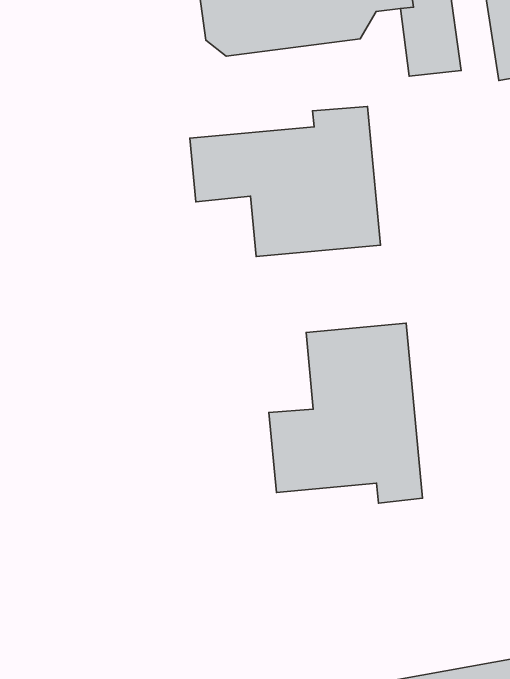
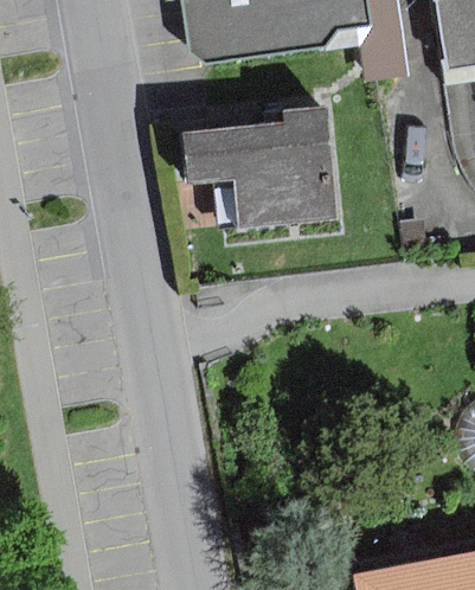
building: [269,323,422,503] -> none

